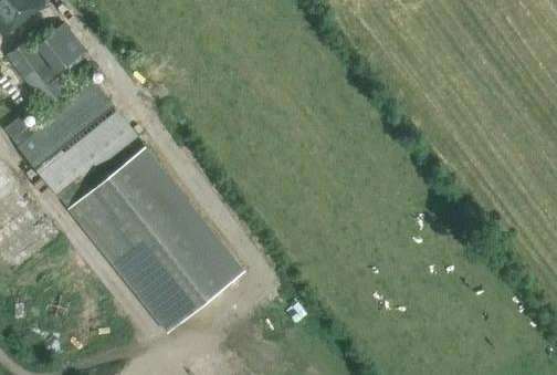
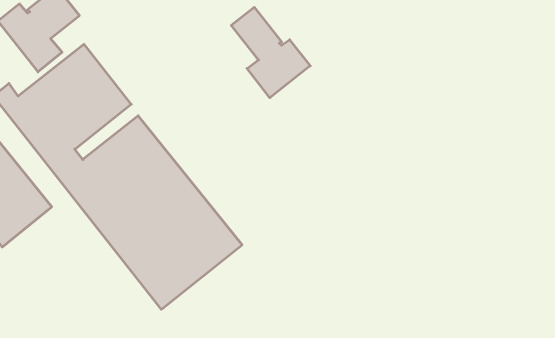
building: none -> [231,7,310,98]

